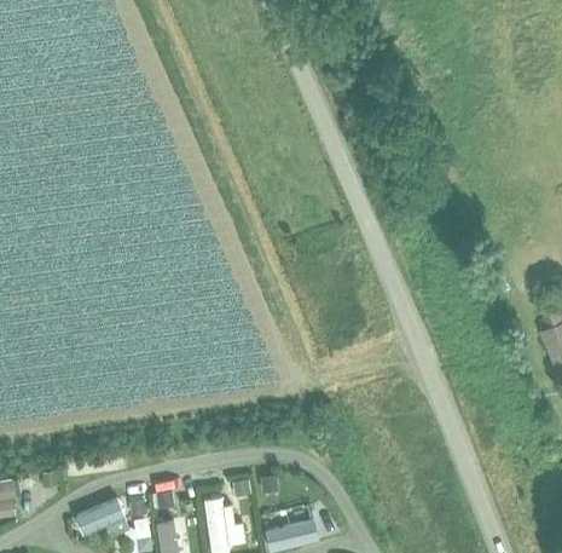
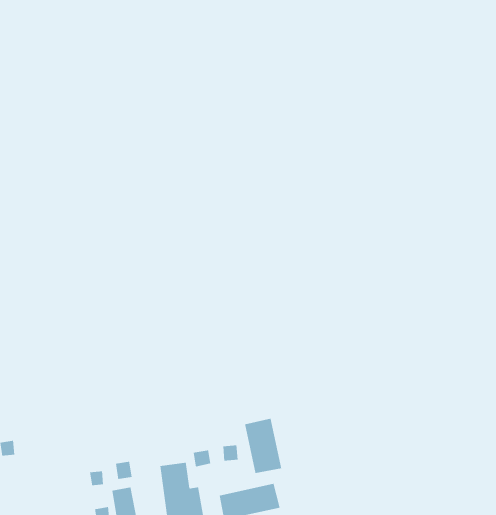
building: none -> [245,418,282,474]
building: [68,494,124,535] -> none

